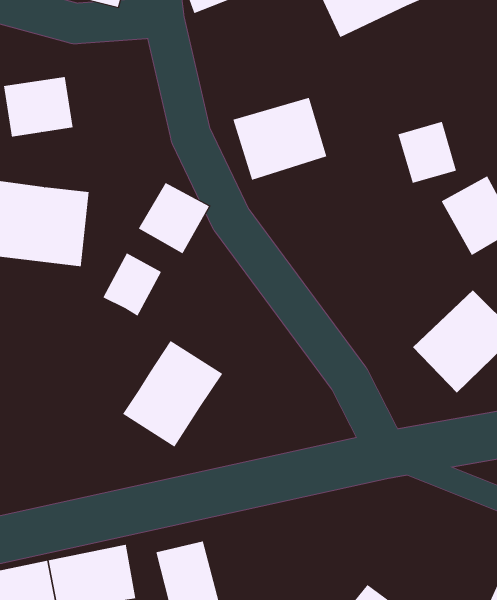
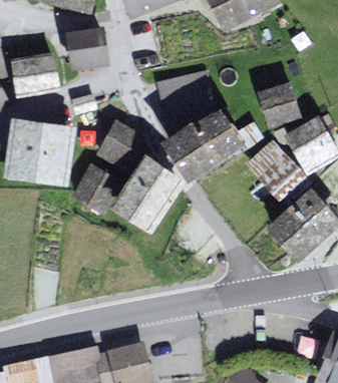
building: none -> [68,26,103,63]
building: none -> [167,106,239,170]
building: none -> [250,141,306,199]
building: [122,340,223,447] -> [113,153,177,221]

